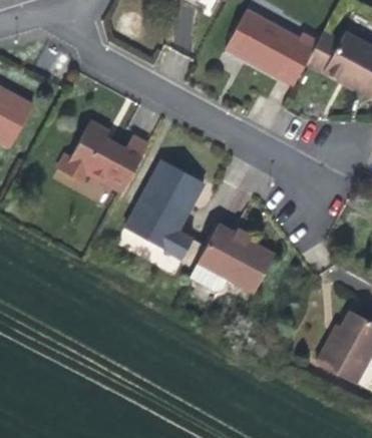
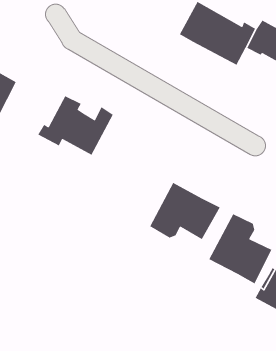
building: [125,159,205,260] -> none
building: none -> [208,213,273,285]

